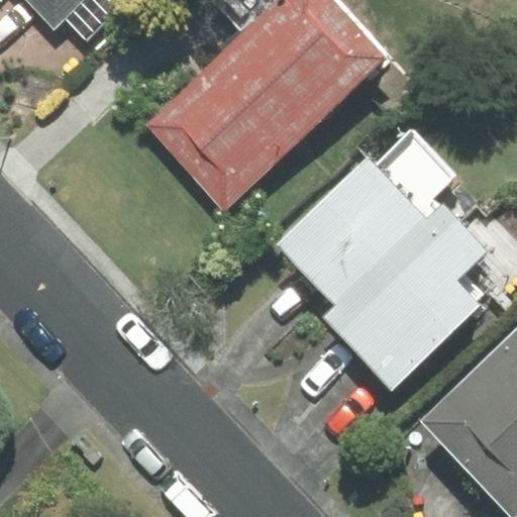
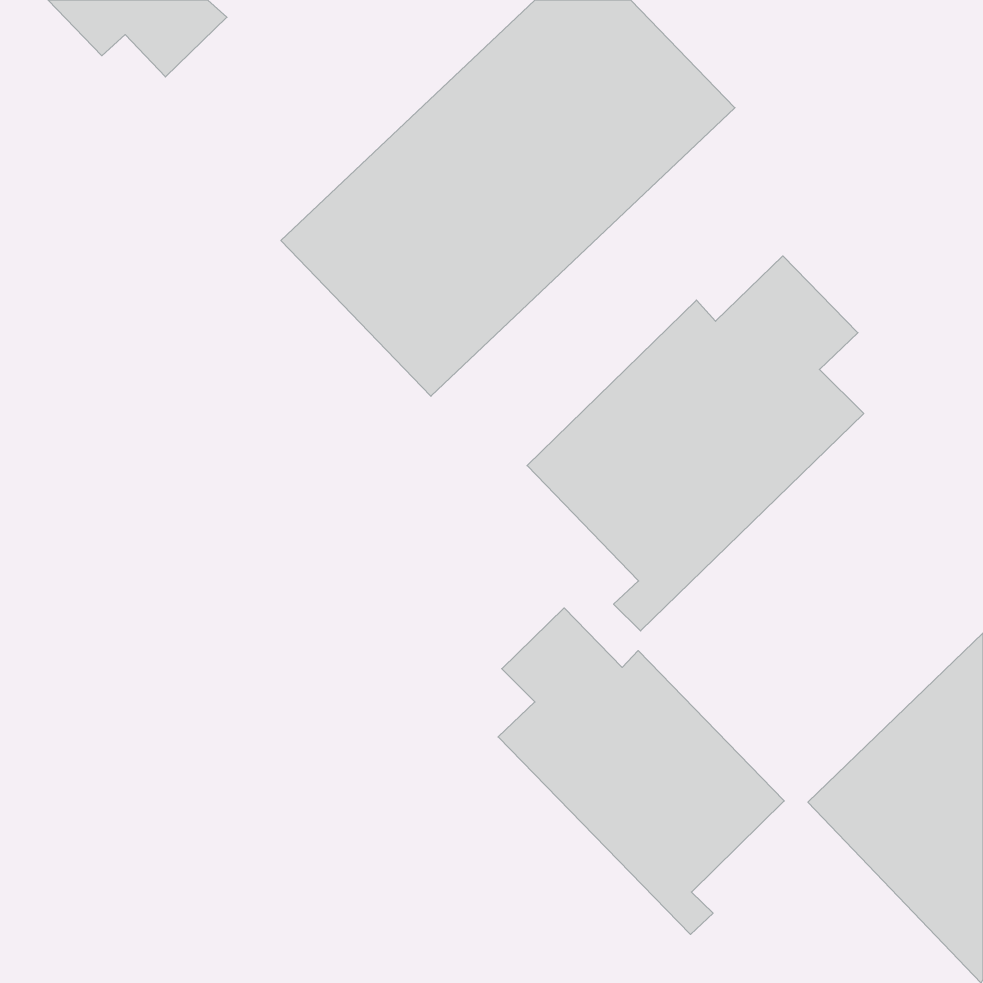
building: [336,217,488,390] -> none
building: none -> [498,608,784,934]

